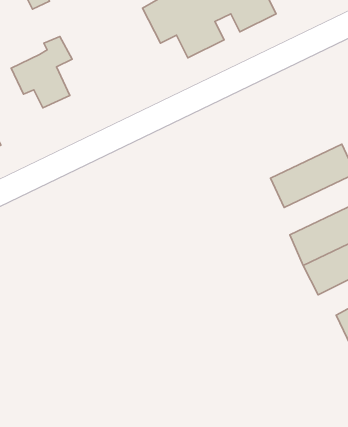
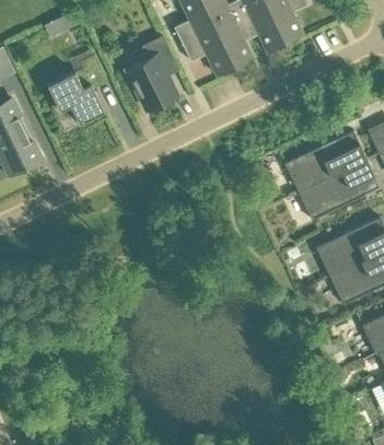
building: none -> [125,34,176,110]
building: none -> [283,130,366,191]

